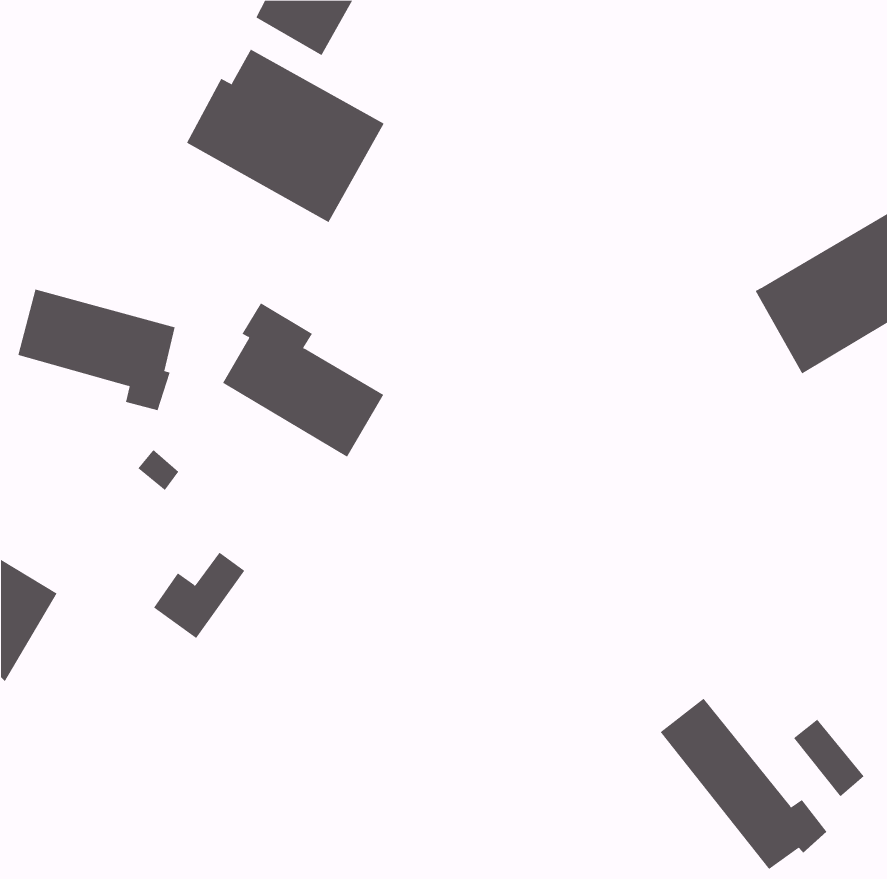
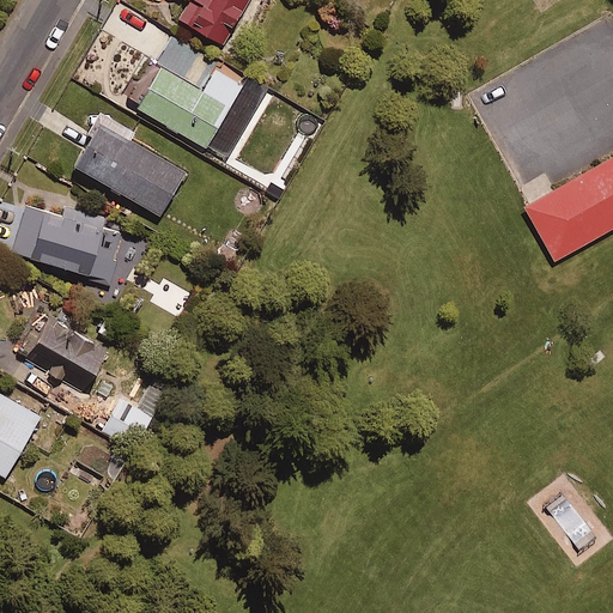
building: [222,303,384,458] -> [74,109,186,216]
building: none -> [19,309,105,397]
building: [660,698,827,870] -> none

